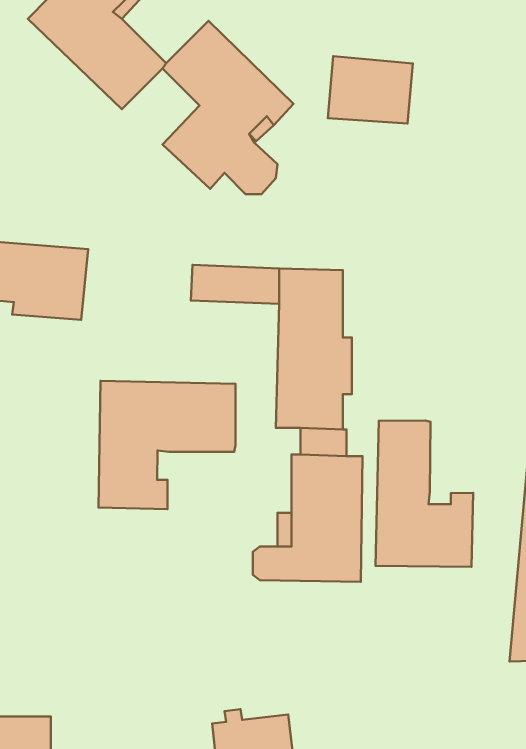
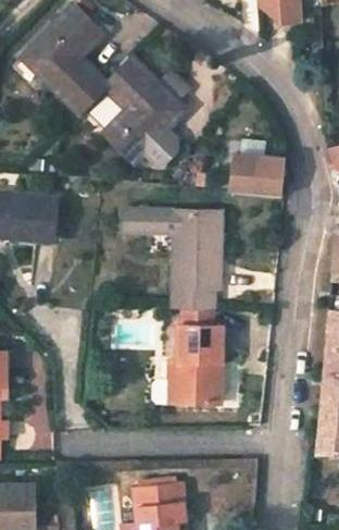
building: [328,56,413,124] -> [229,153,281,195]
building: [99,381,236,509] -> none
building: [376,421,473,567] -> none

